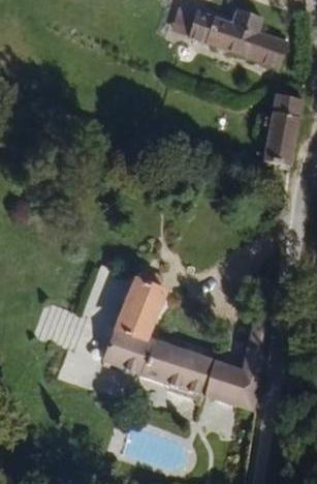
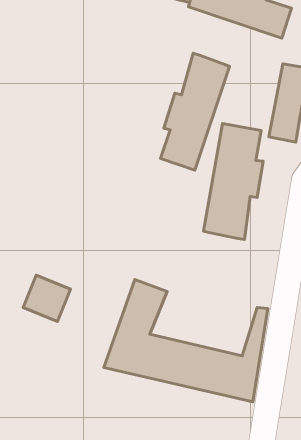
building: none -> [161,53,230,170]
building: none -> [203,123,263,240]

